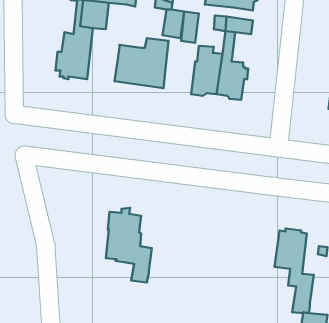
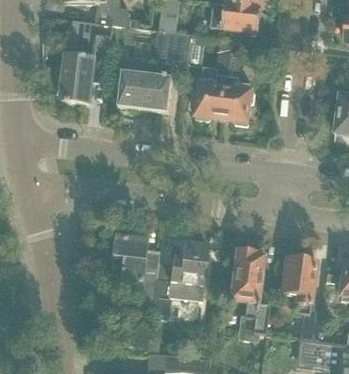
building: none -> [150,242,207,321]
building: none -> [229,249,269,333]

